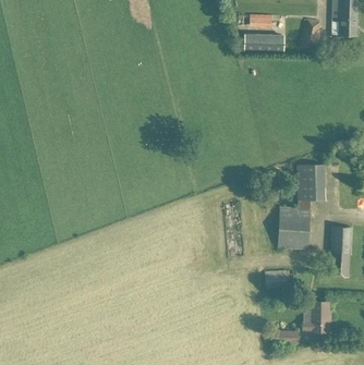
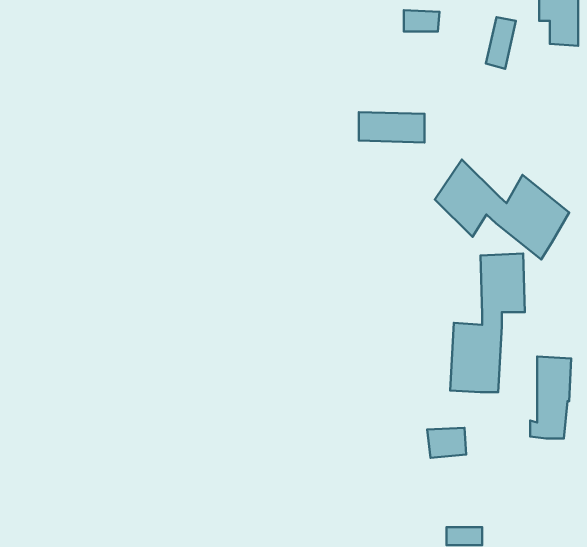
building: [248,33,289,51] -> [359,112,424,142]
building: none -> [435,160,569,260]
building: [303,302,330,331] -> none

